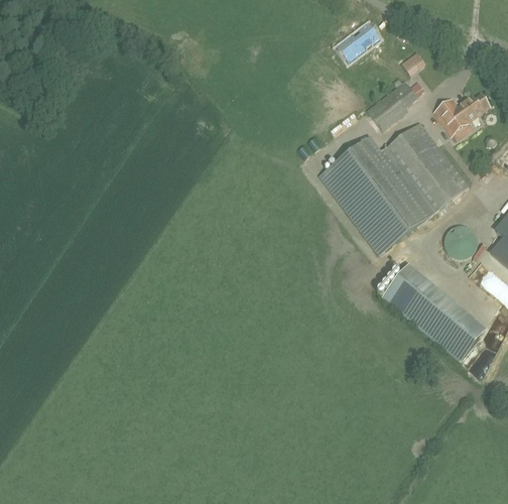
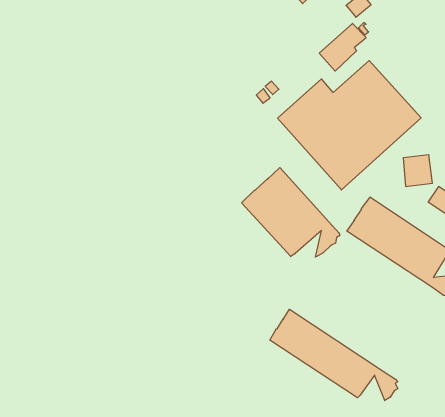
building: [432,94,489,135] -> none
building: none -> [242,168,340,257]
building: none -> [270,309,398,401]

